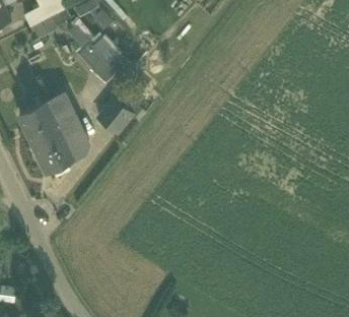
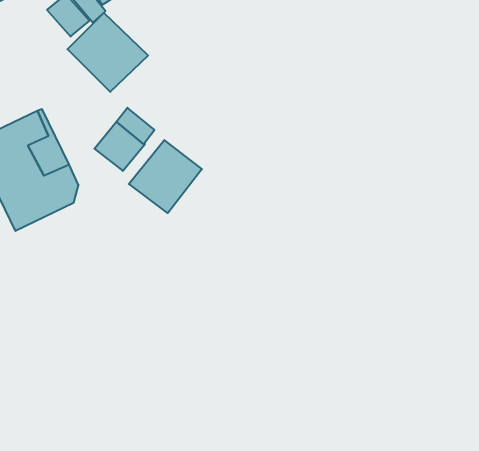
building: none -> [129,140,202,213]

